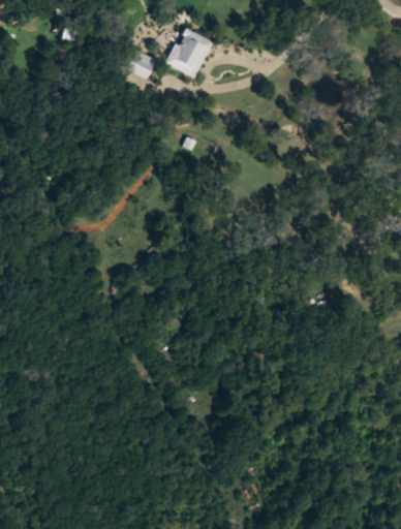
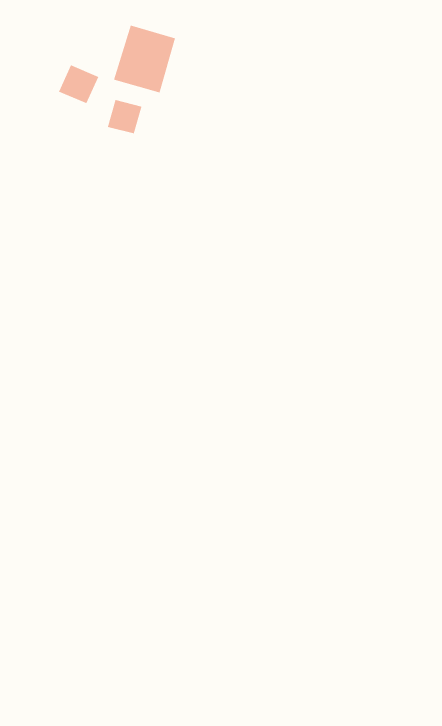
building: none -> [107,99,142,134]

